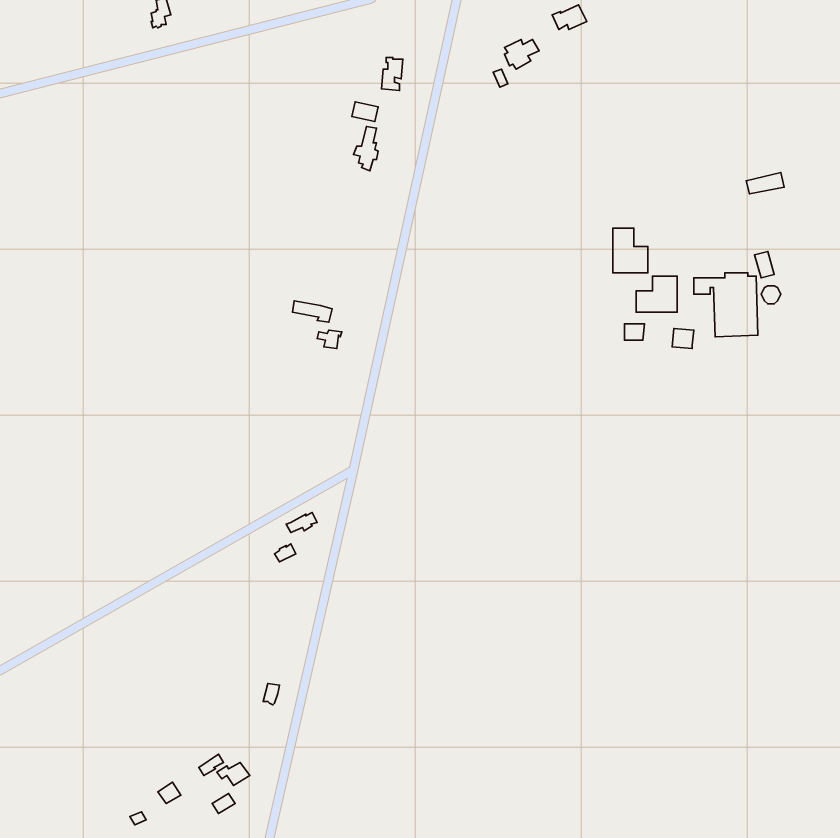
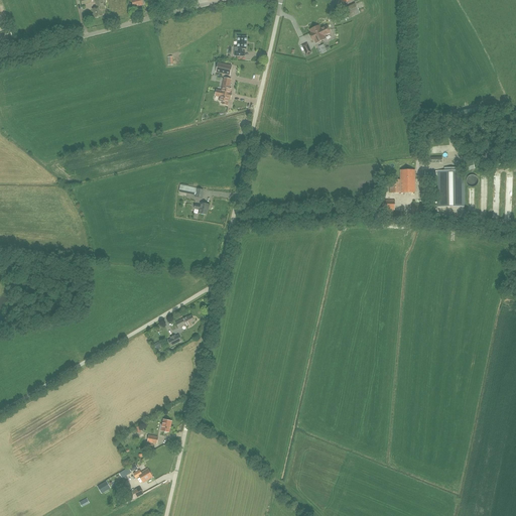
building: [613,228,648,273] -> none

